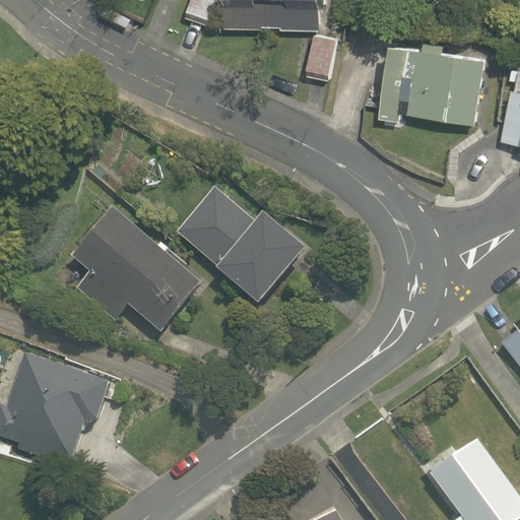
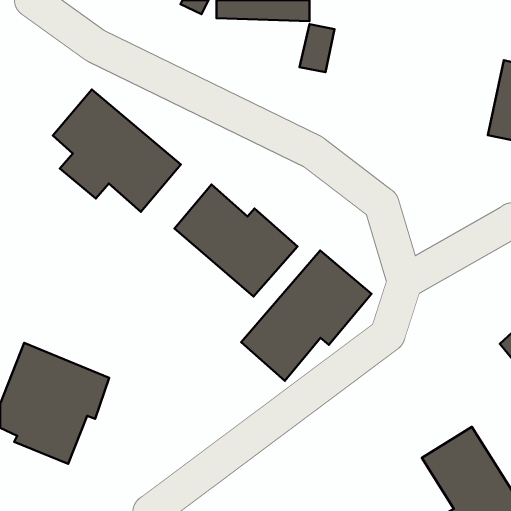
building: [379,41,482,122] -> none
building: [70,209,200,333] -> [53,89,181,212]
building: none -> [241,251,372,381]

